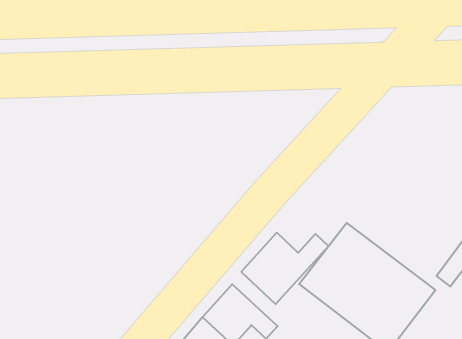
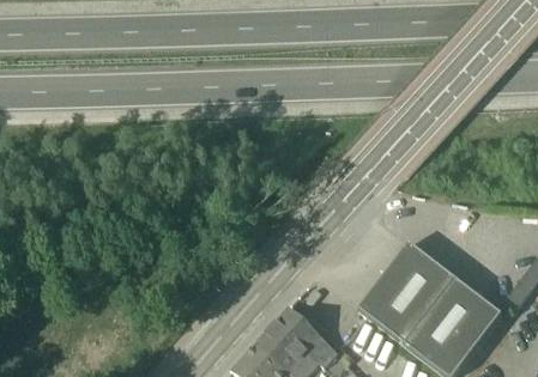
building: [241,233,329,304] -> none

